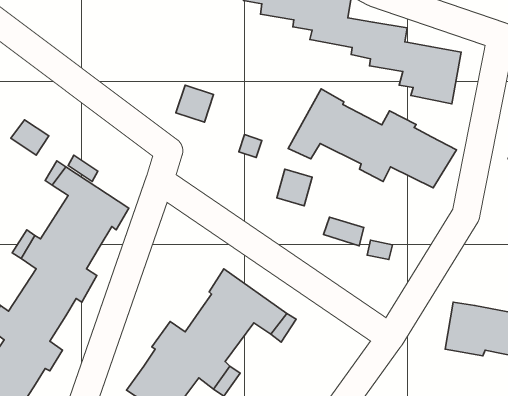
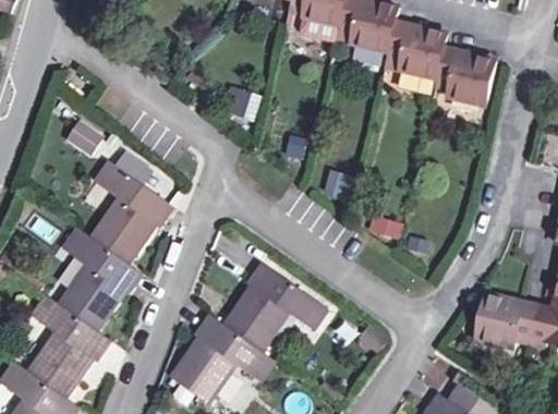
building: [288,89,457,188] -> none

